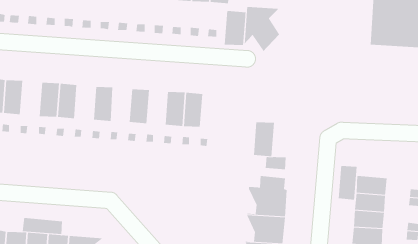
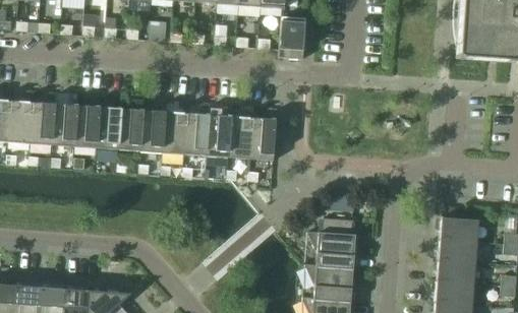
building: [244,6,280,53] -> none
building: none -> [31,101,56,144]
building: none -> [97,106,122,148]
building: none -> [141,109,166,151]
building: none -> [185,112,210,154]
building: [253,122,275,157] -> [250,117,277,160]
building: [338,165,357,201] -> none
building: [22,217,62,235] -> none

